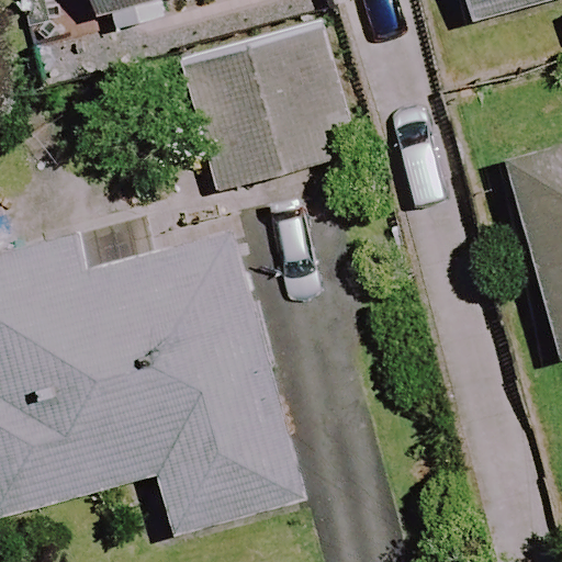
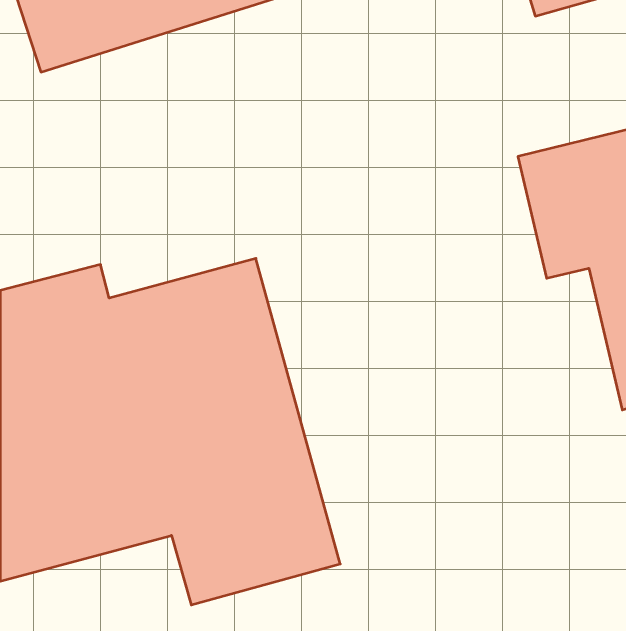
building: [177,15,353,192] -> none

